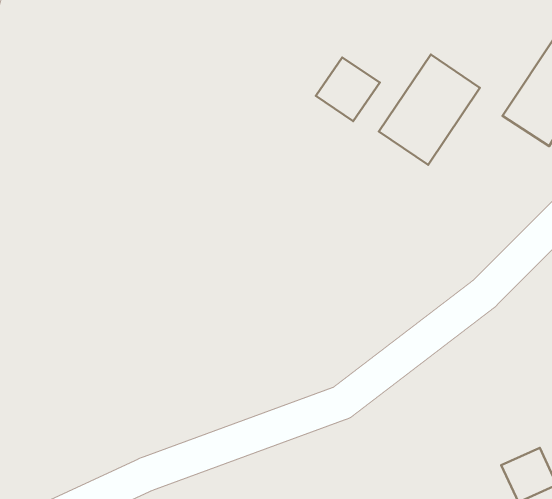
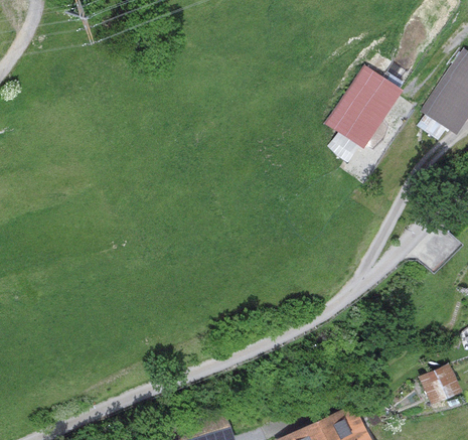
building: [316,57,380,121] -> none

